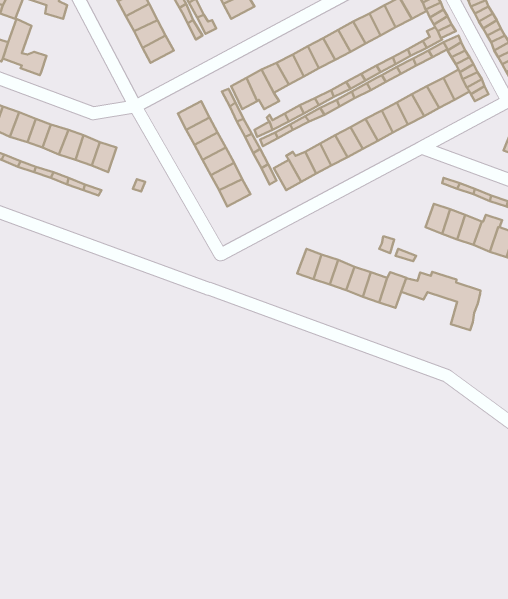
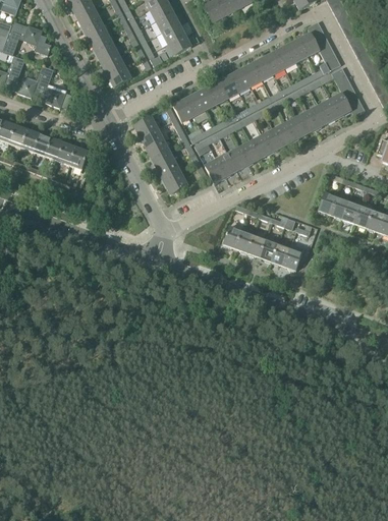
building: none -> [33,65,66,108]
building: [401,272,481,330] -> none

